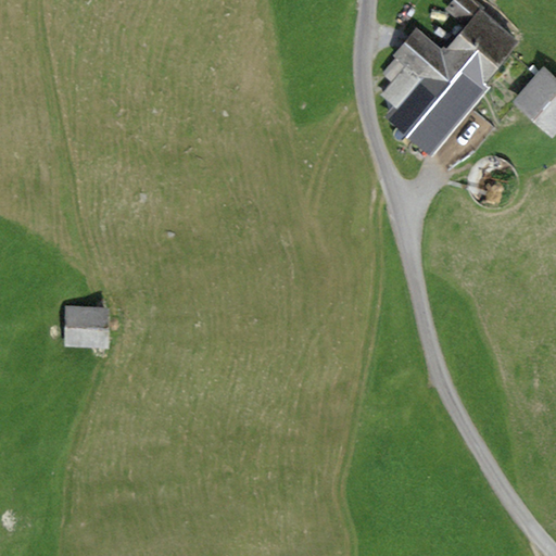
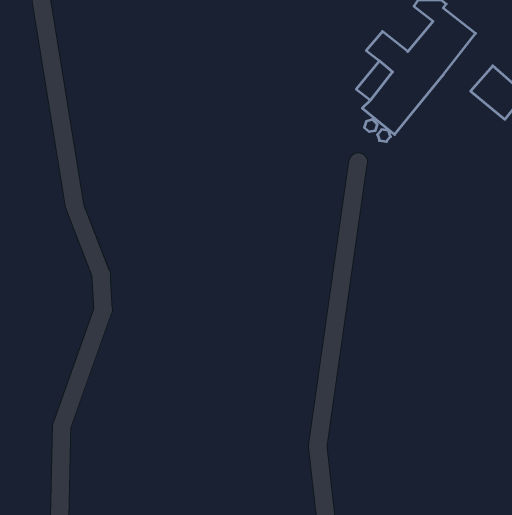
building: [68,312,106,345] -> none

